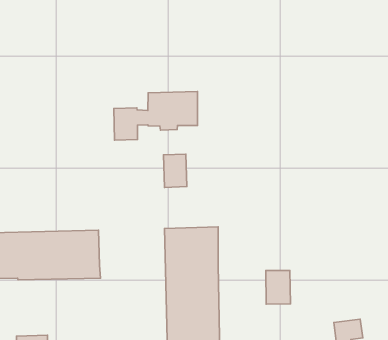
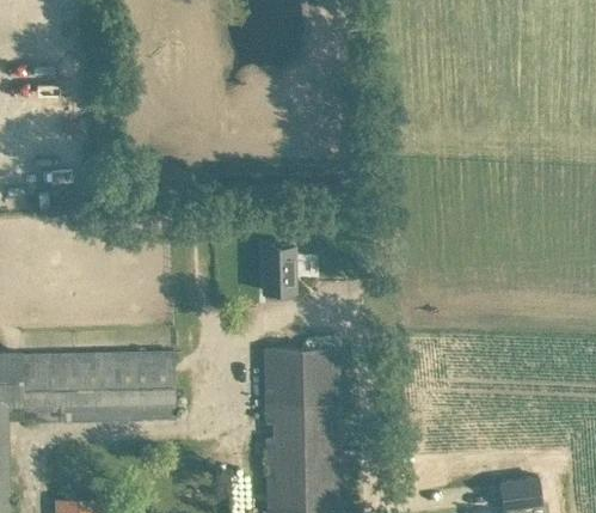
building: [114,92,198,140] -> none
building: [266,270,291,304] -> none

